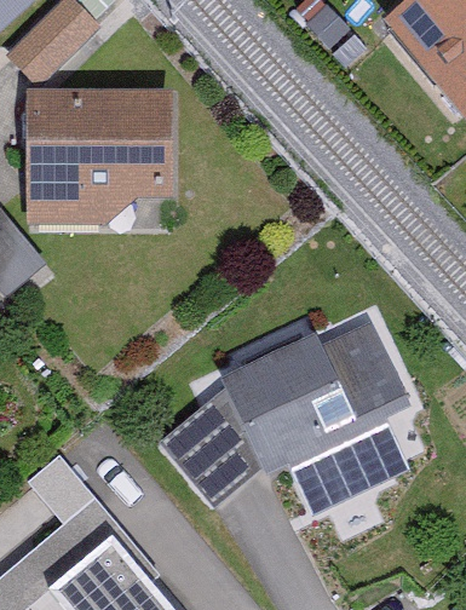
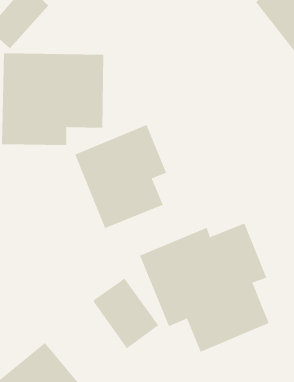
building: none -> [74,124,167,229]

